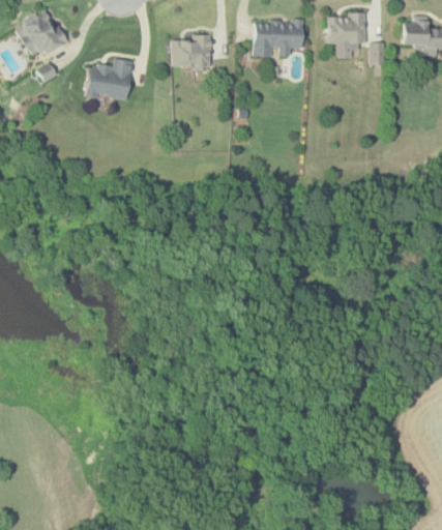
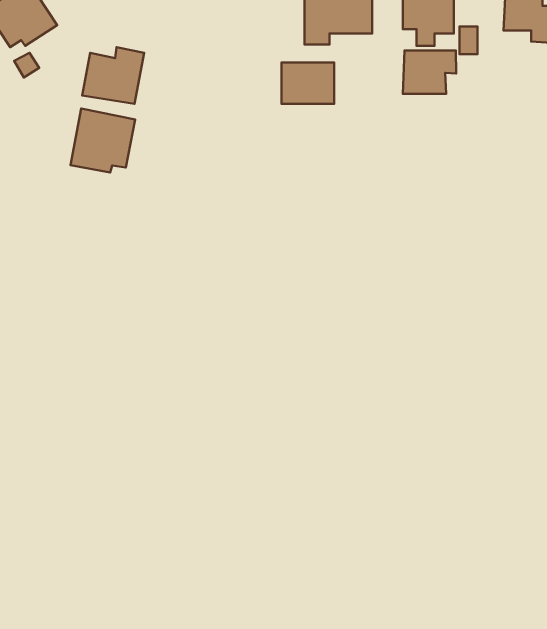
building: [172,37,211,68] -> [281,62,334,104]
building: none -> [403,50,456,94]
building: none -> [71,109,135,173]

